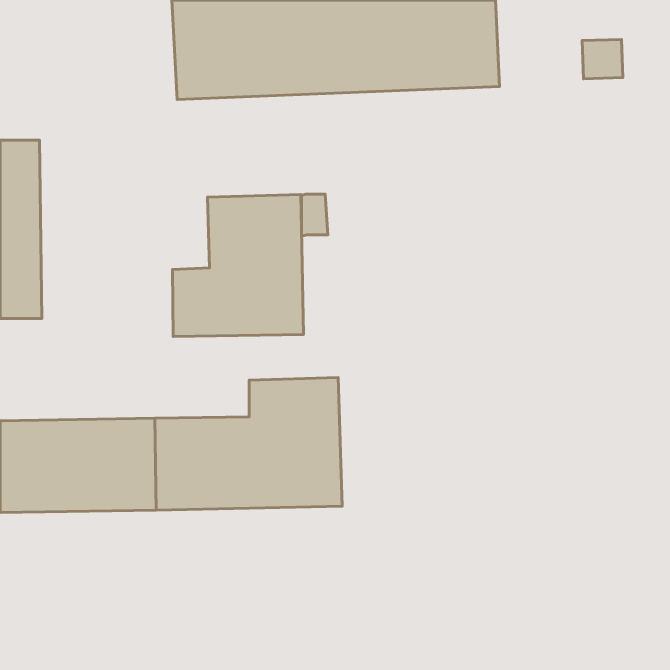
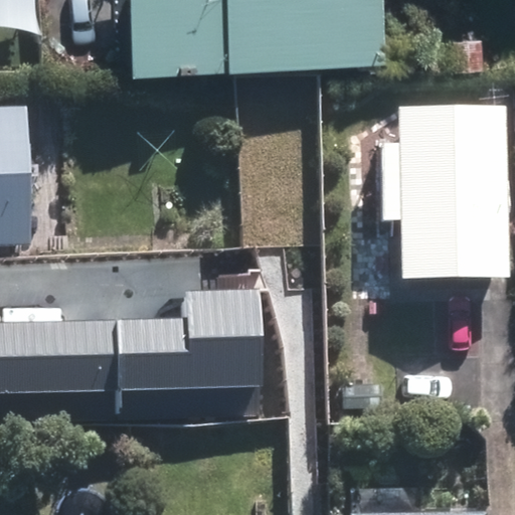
building: none -> [368,102,499,275]
building: [172,195,304,336] -> none

